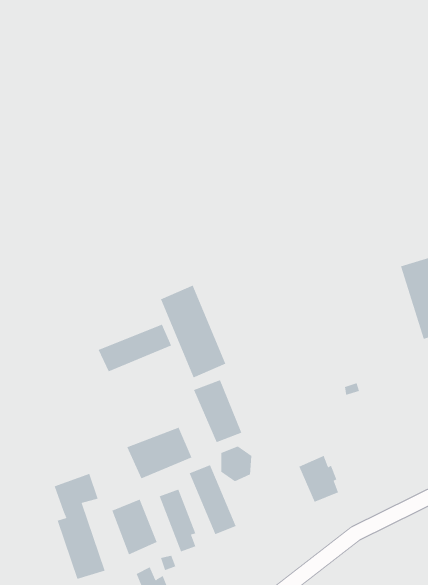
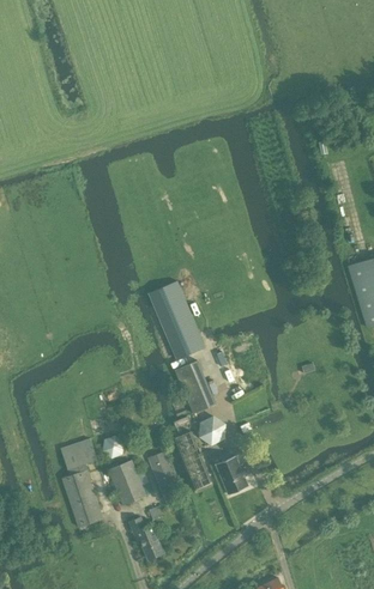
building: [98,324,172,372] -> none
building: [127,427,192,479] -> none
building: [298,455,339,503] -> [215,455,248,494]

